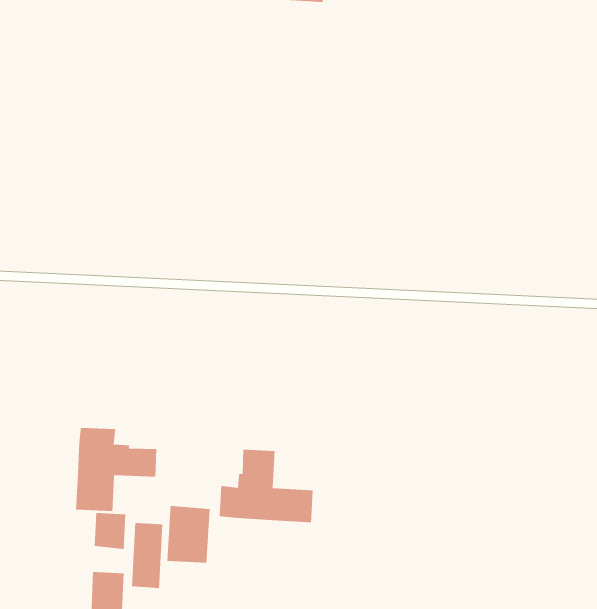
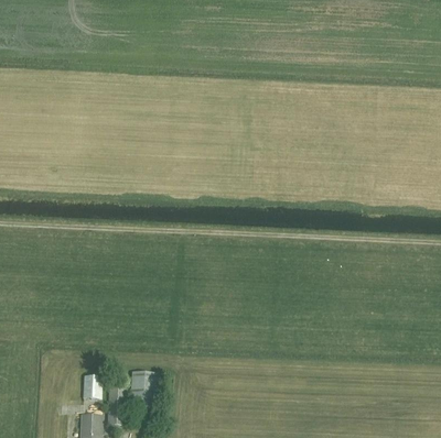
building: [76,427,157,512] -> none
building: [219,449,313,523] -> none

